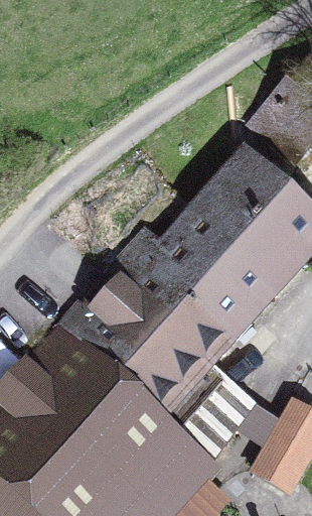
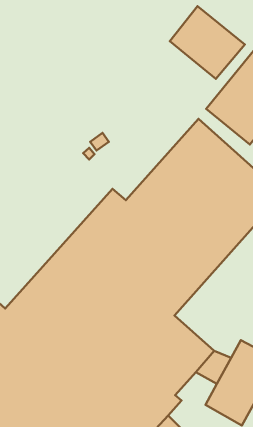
building: none -> [170,6,245,79]

